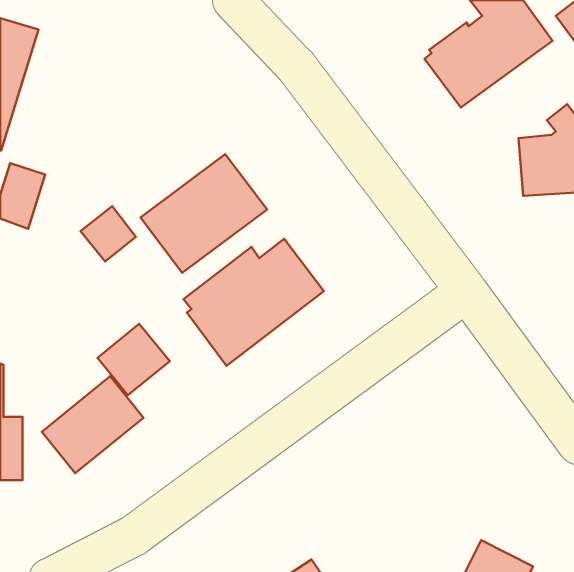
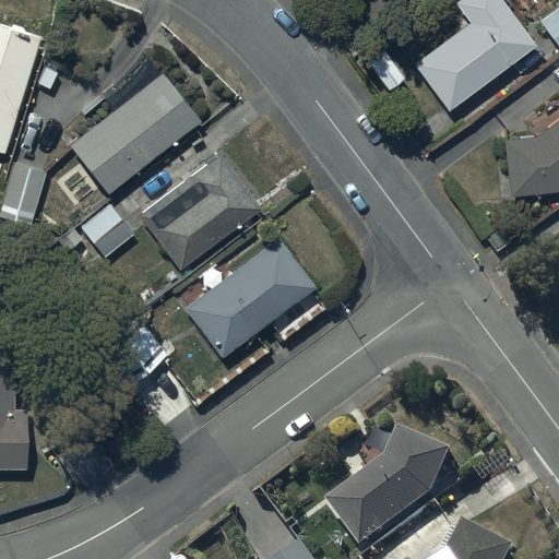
building: none -> [64,60,201,198]
building: [42,376,143,473] -> none
building: none -> [331,432,456,554]

